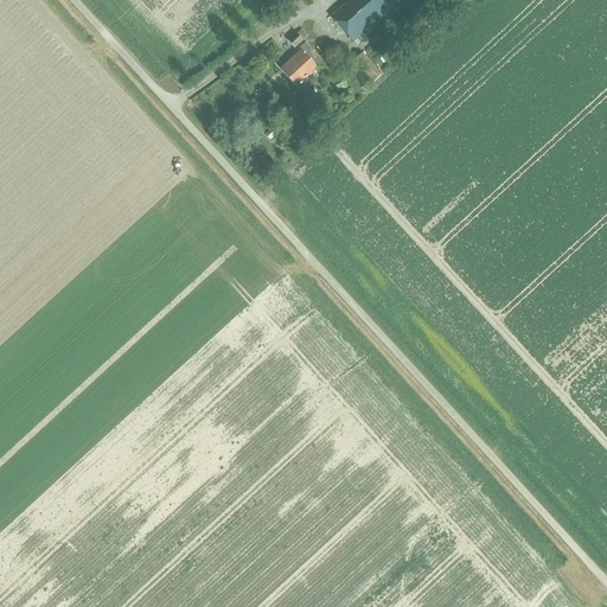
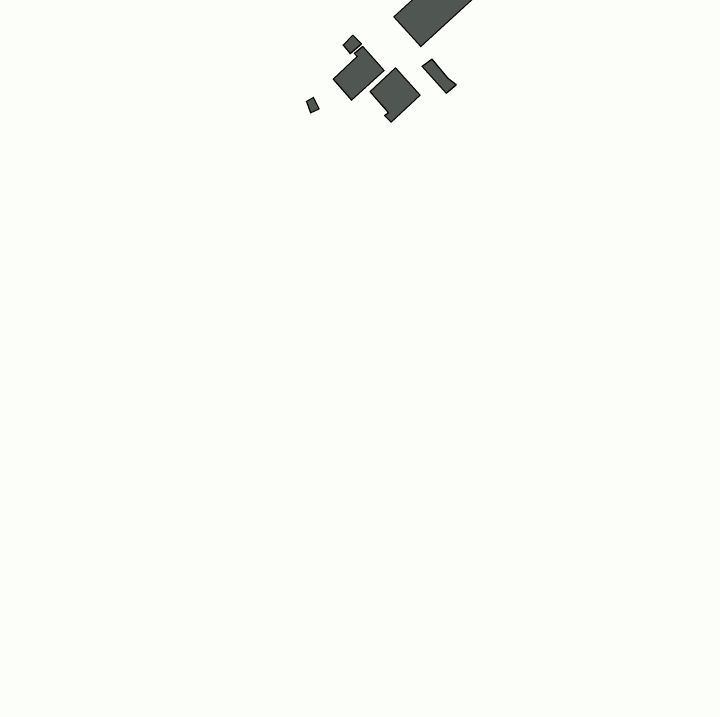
building: none -> [370,68,420,122]

